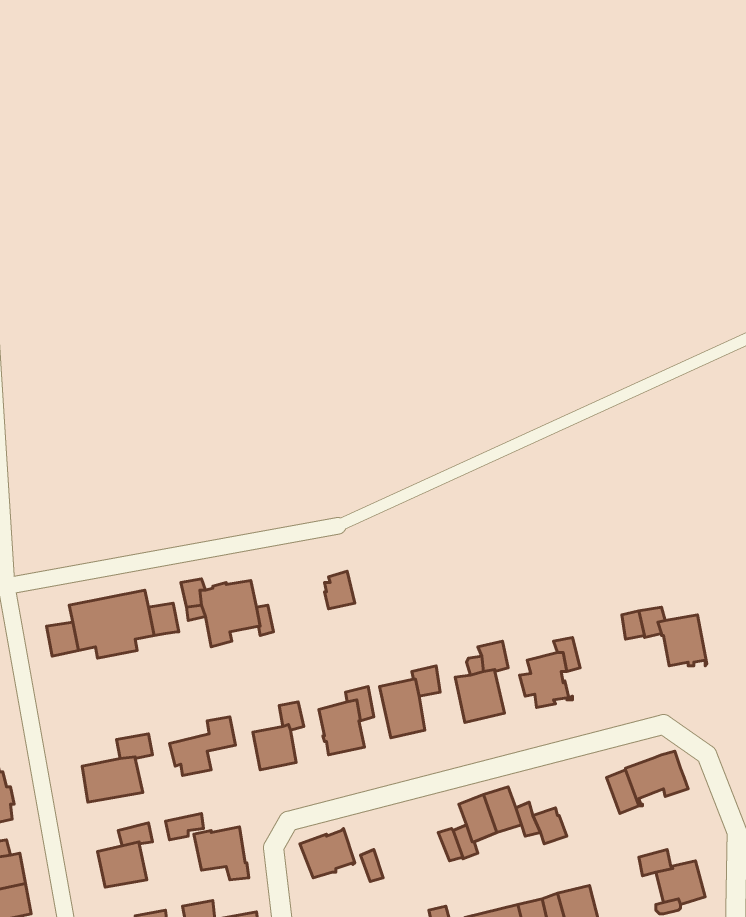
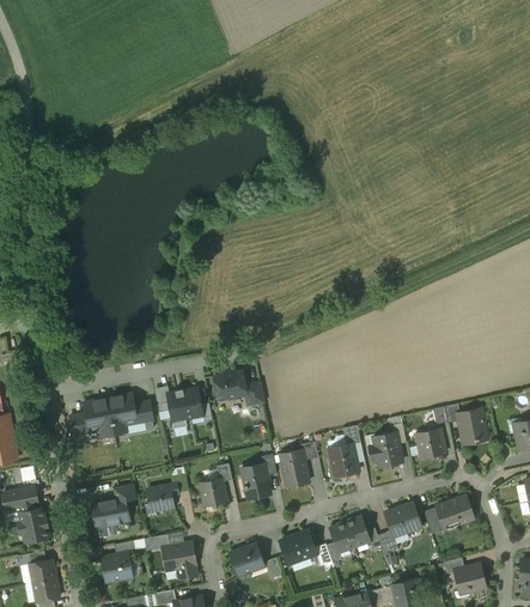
building: none -> [213,371,245,399]
building: none -> [415,429,444,457]
building: none -> [384,504,420,535]
building: none -> [280,530,316,564]

